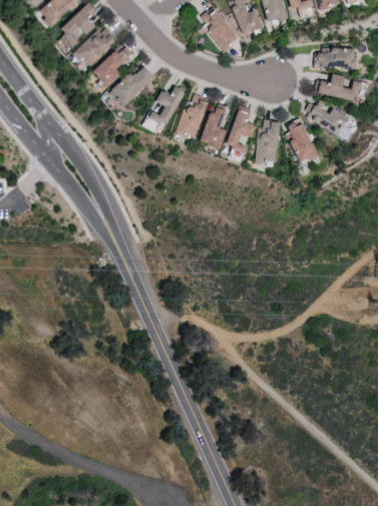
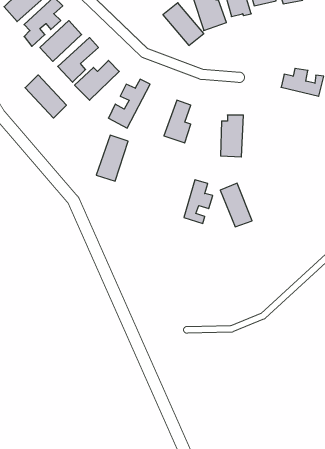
building: [315,48,356,68] -> none
building: none -> [25,75,66,118]
building: [176,93,209,139] -> [96,135,128,181]
building: [303,100,349,136] -> none
building: [227,109,256,153] -> [184,180,213,223]
building: [285,119,317,163] -> [220,183,252,227]

